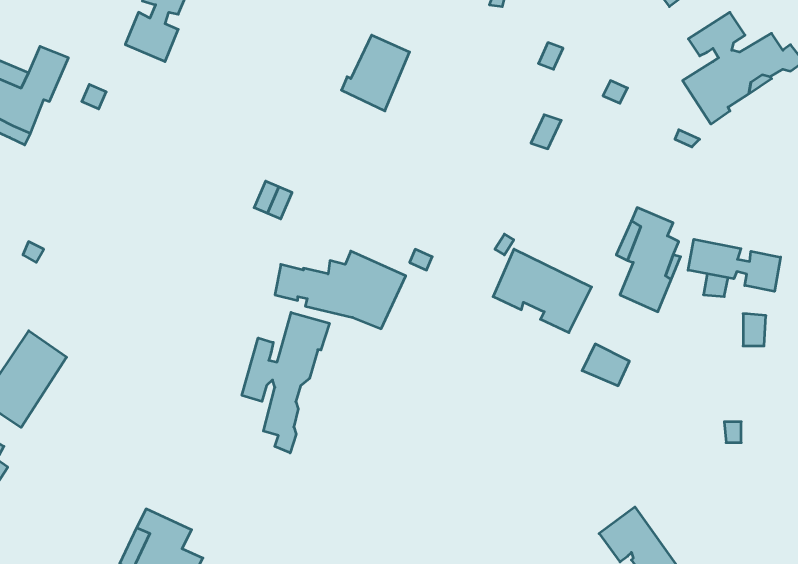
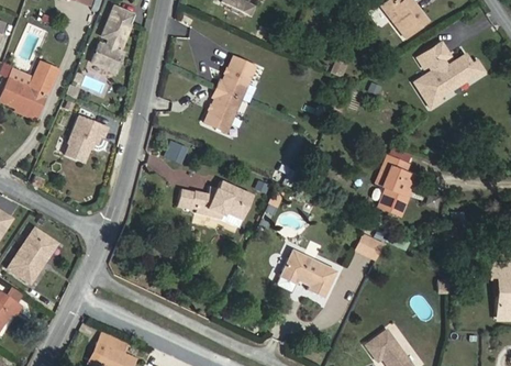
building: none -> [204,88,242,133]
building: none -> [64,115,107,162]
building: [688,239,781,291] -> none
building: [493,249,592,333] -> [280,249,337,298]
building: [242,312,329,453] -> none

